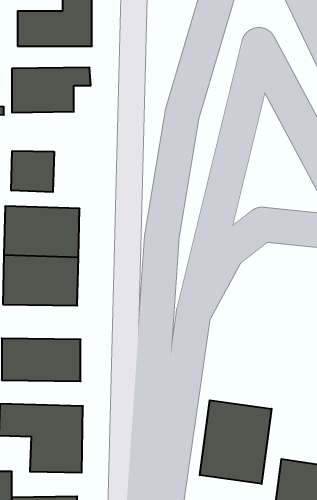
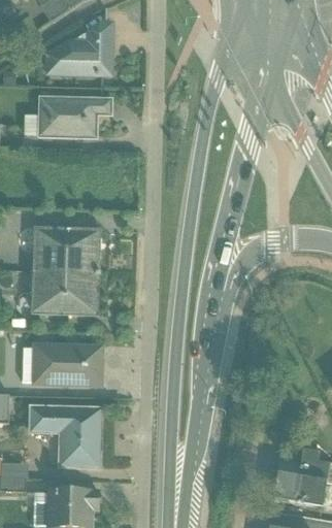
building: [11,151,54,192] -> none
building: [200,400,272,484] -> none

